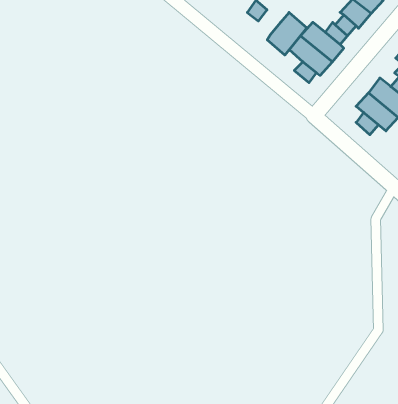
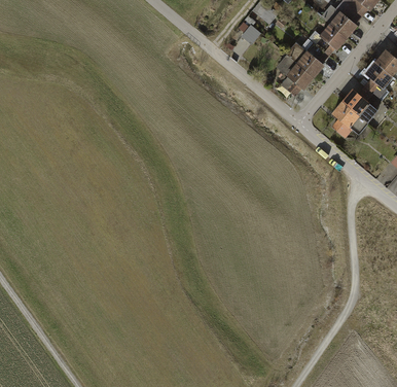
building: [267,12,307,55] -> none

